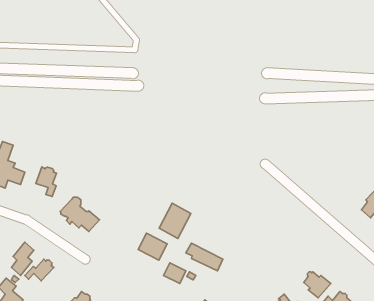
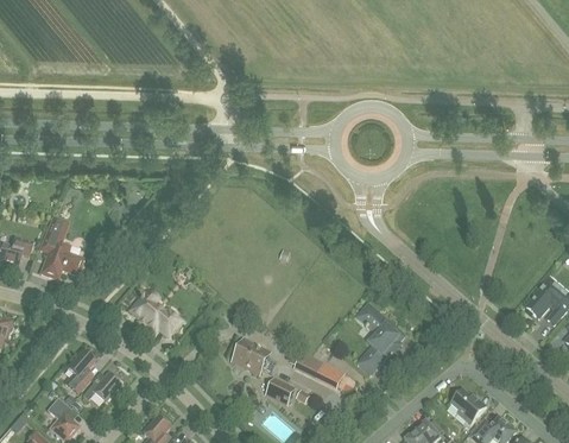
building: [36,167,57,196] -> none
building: [159,203,191,238] -> none
building: none -> [359,305,404,367]

